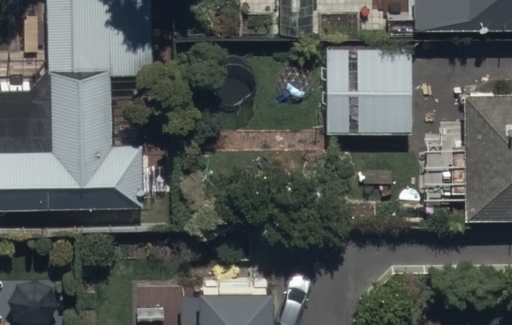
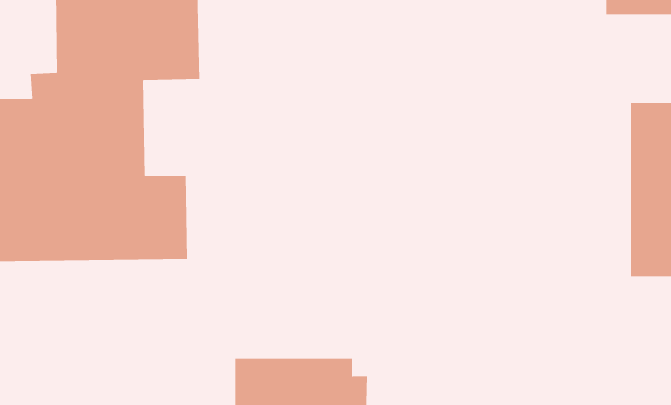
building: [323,45,412,139] -> none

